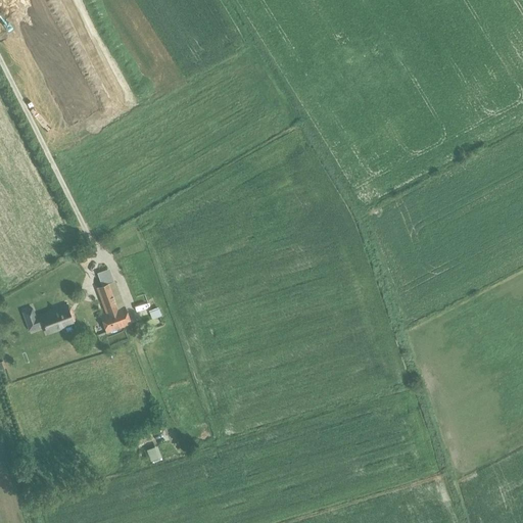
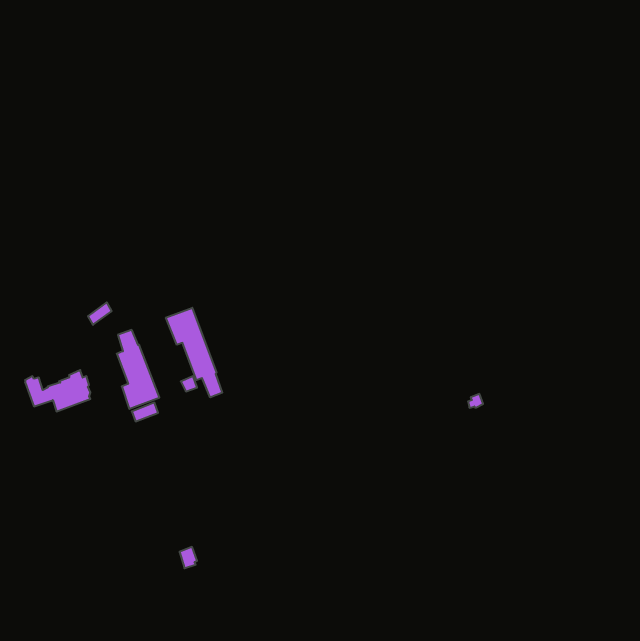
building: none -> [166,308,222,397]

